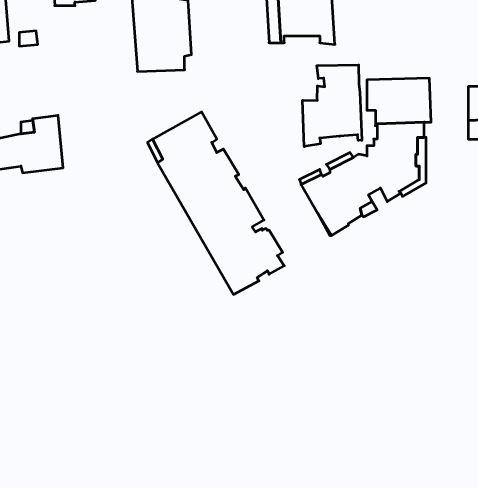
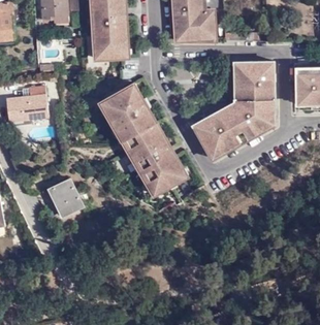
building: [303,65,362,147] -> none
building: none -> [51,180,83,216]

